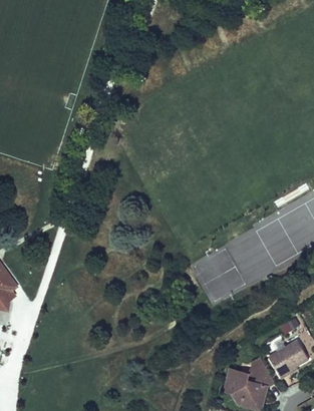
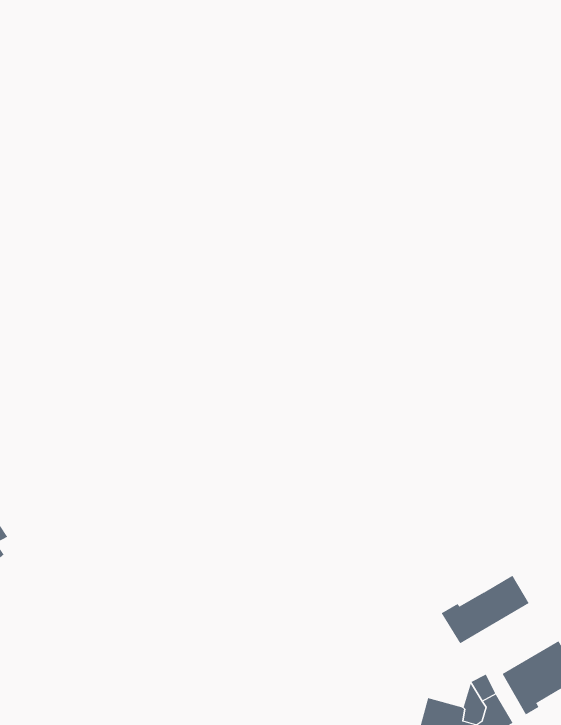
building: none -> [441,575,530,644]

